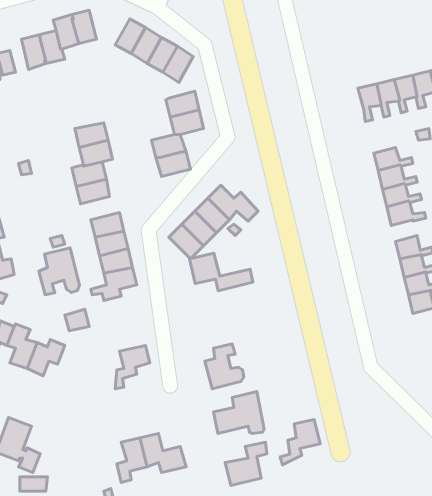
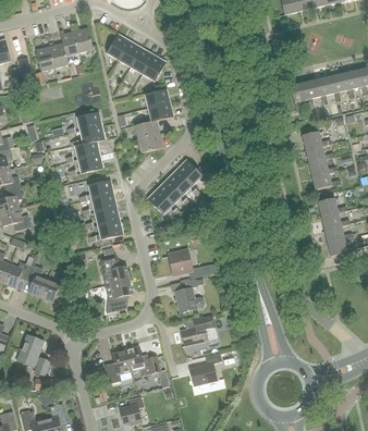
building: [39,248,80,295] -> none
building: [189,253,253,291] -> [169,250,217,279]
building: none -> [99,254,132,284]
building: [280,420,320,465] -> none

